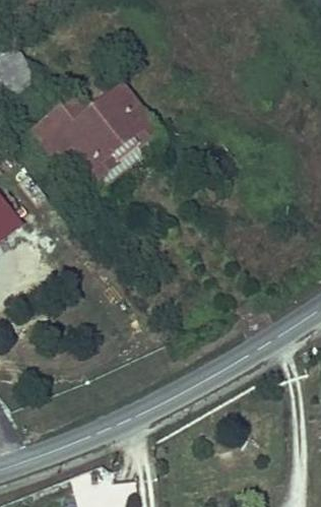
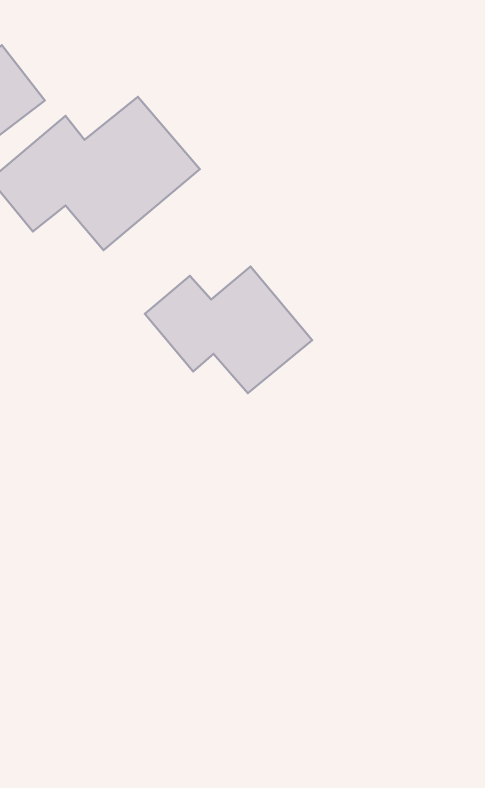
building: none -> [145,267,312,393]

